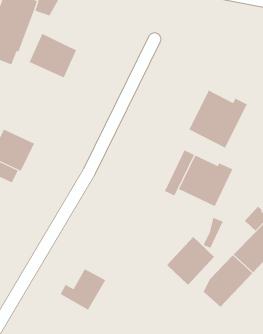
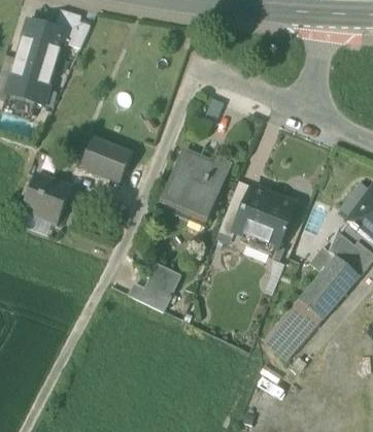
building: [29,33,77,78] -> [80,135,133,184]
building: [189,90,248,148] -> [164,155,228,219]
building: [166,236,215,286] -> none
building: [60,269,106,311] -> [130,264,180,310]

